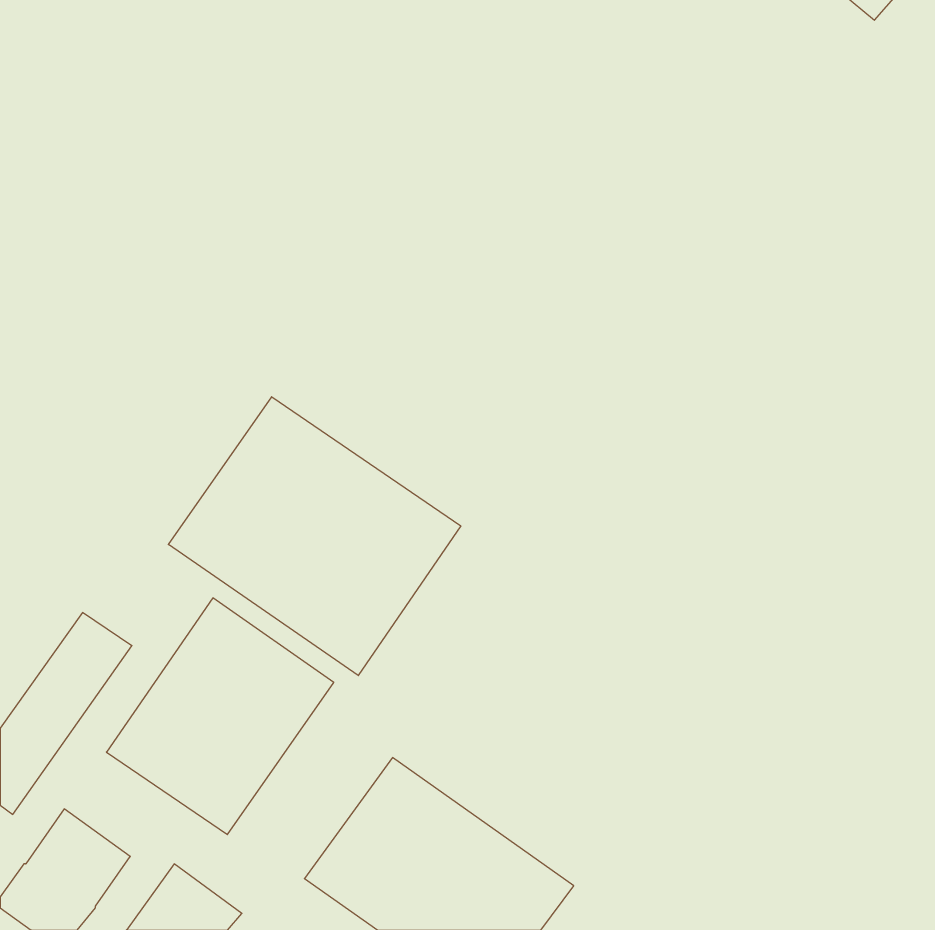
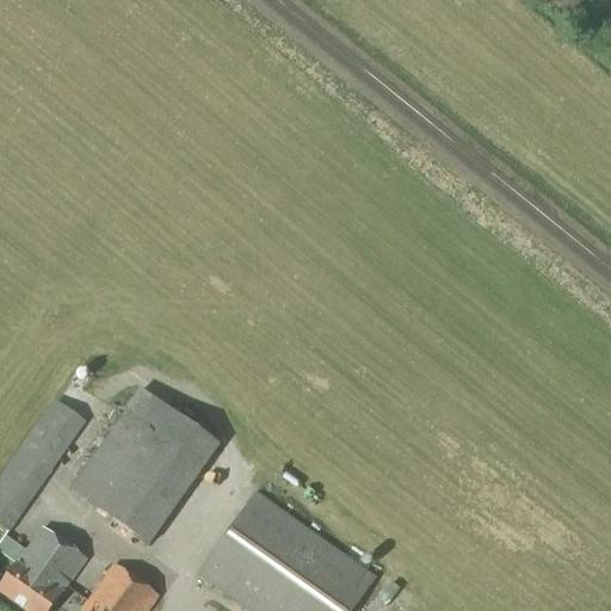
building: [168,397,461,676] -> none

